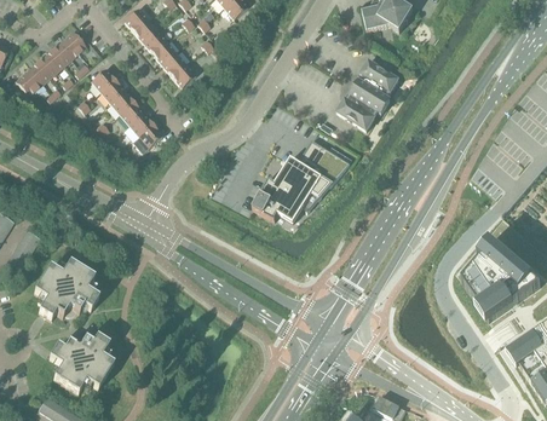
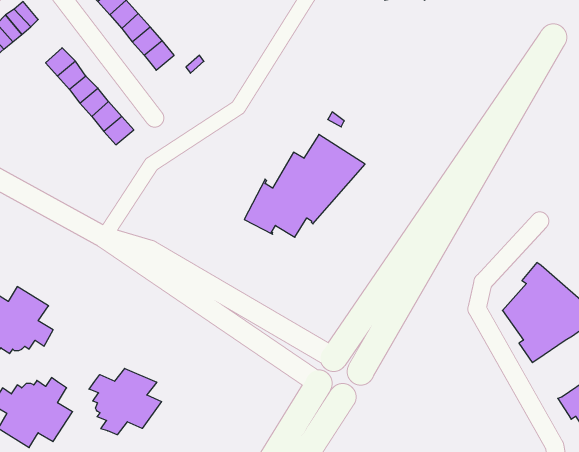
building: [336,59,398,128] -> none
building: none -> [89,368,162,435]

